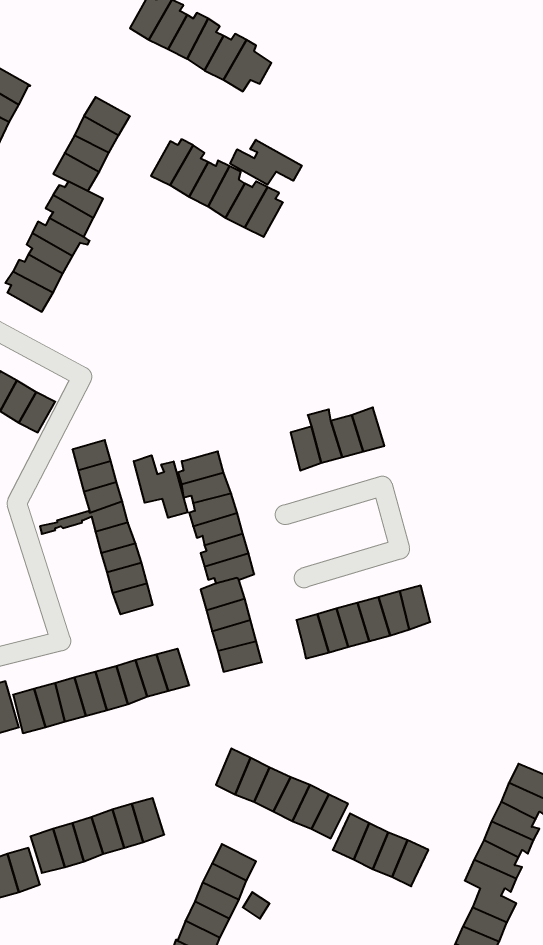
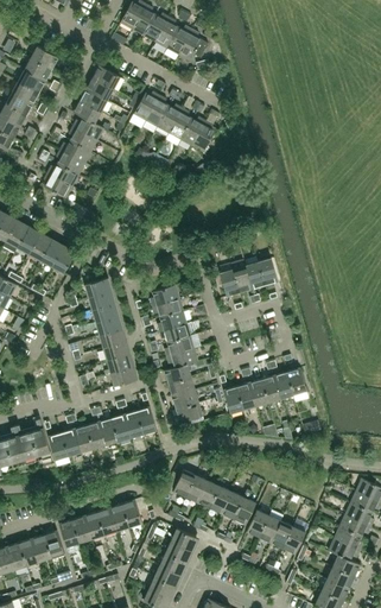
building: [230,140,302,185] -> none
building: [134,455,188,518] -> none

